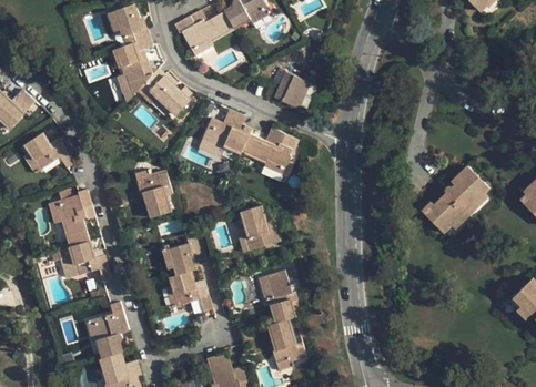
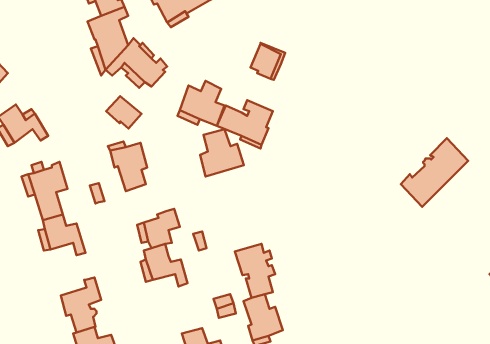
building: none -> [106,96,141,129]
building: [235,205,279,252] -> [200,129,244,176]

